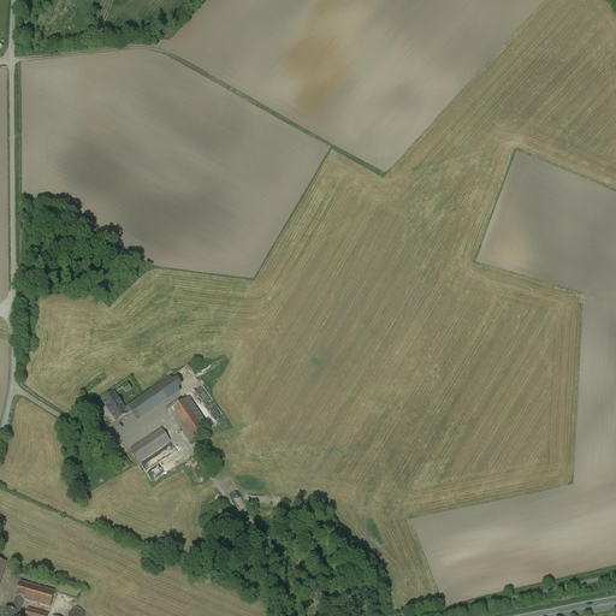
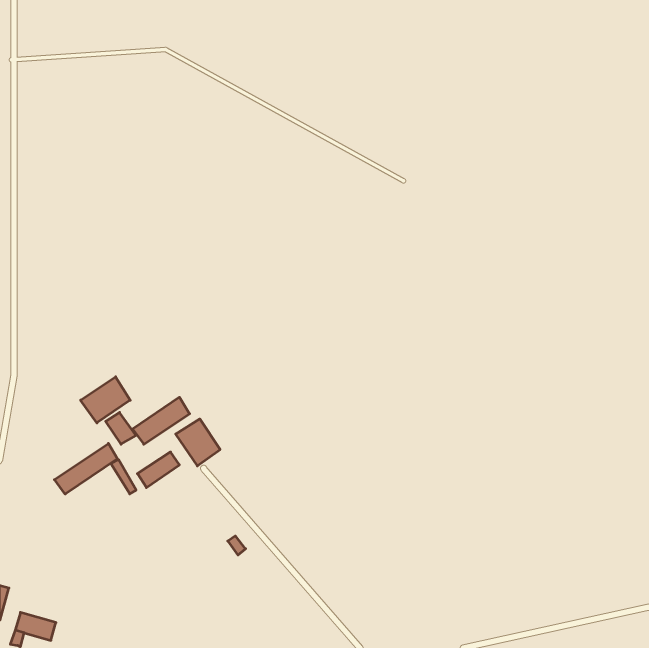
building: none -> [81,377,130,423]
building: none -> [54,443,117,494]

